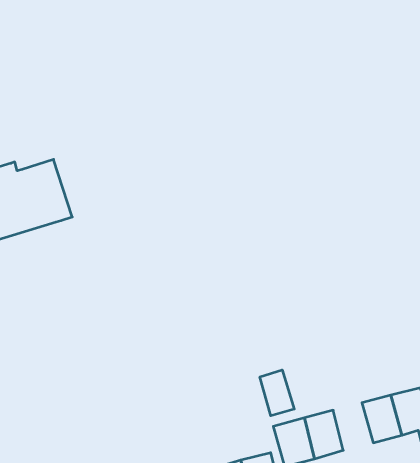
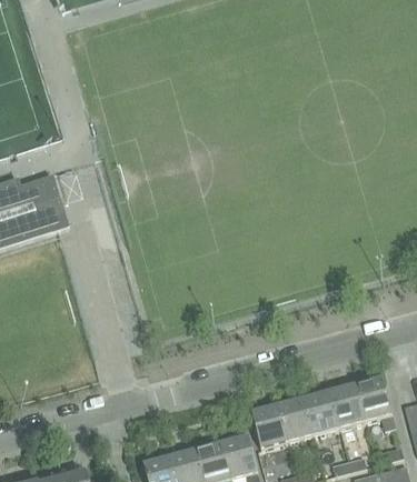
building: [260,370,294,416] -> none
building: none -> [305,391,340,433]

